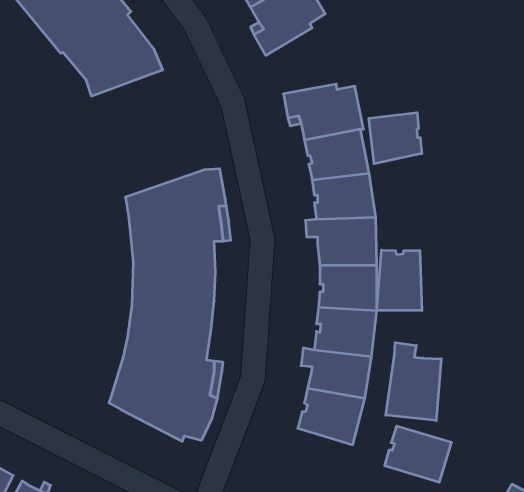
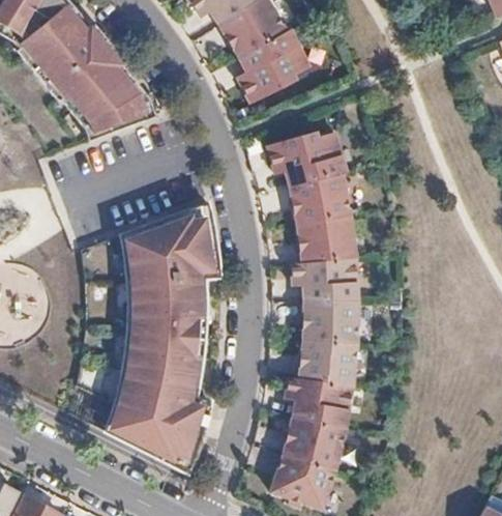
building: [369,113,422,164] -> none
building: [377,250,422,311] -> none
building: [386,343,441,421] -> none
building: [385,426,452,482] -> [271,453,334,506]

